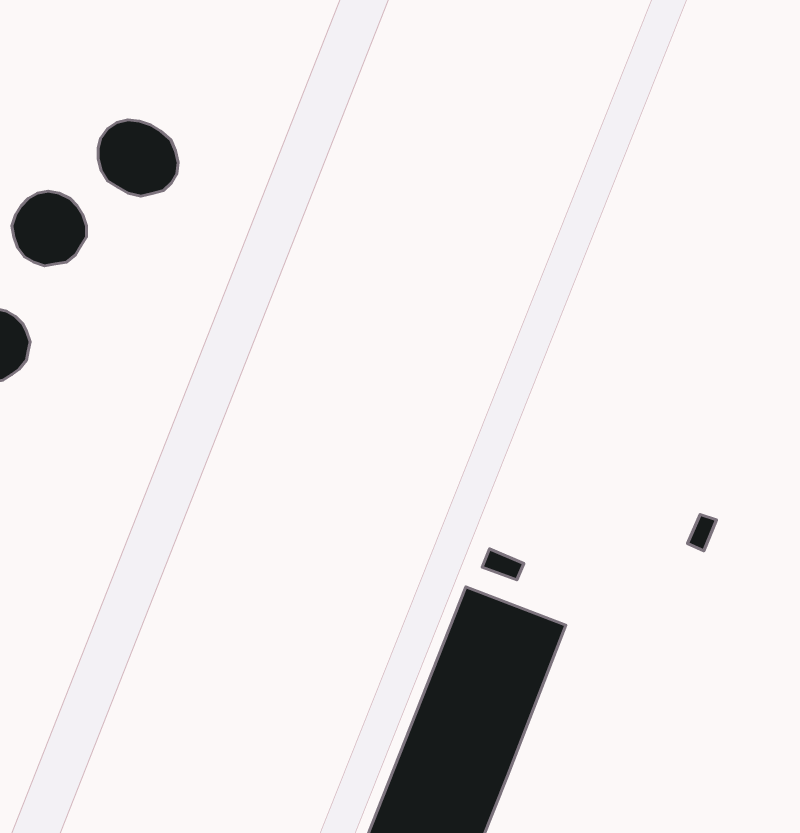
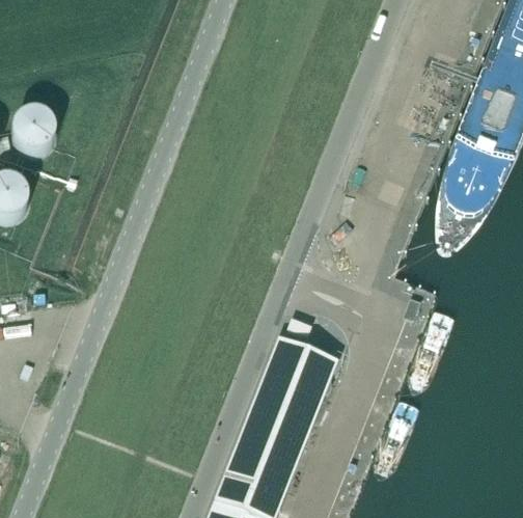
building: [98,120,178,196] -> none

